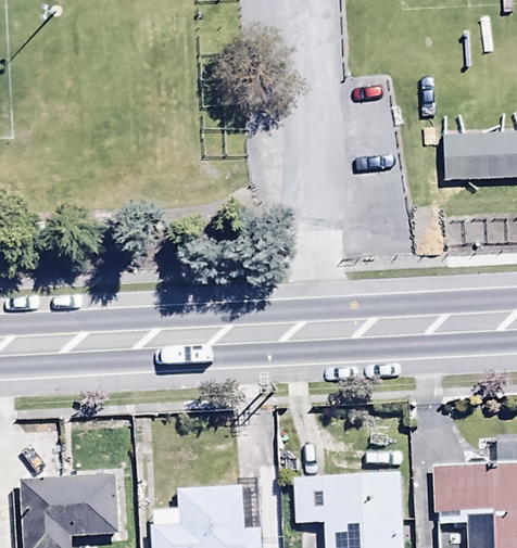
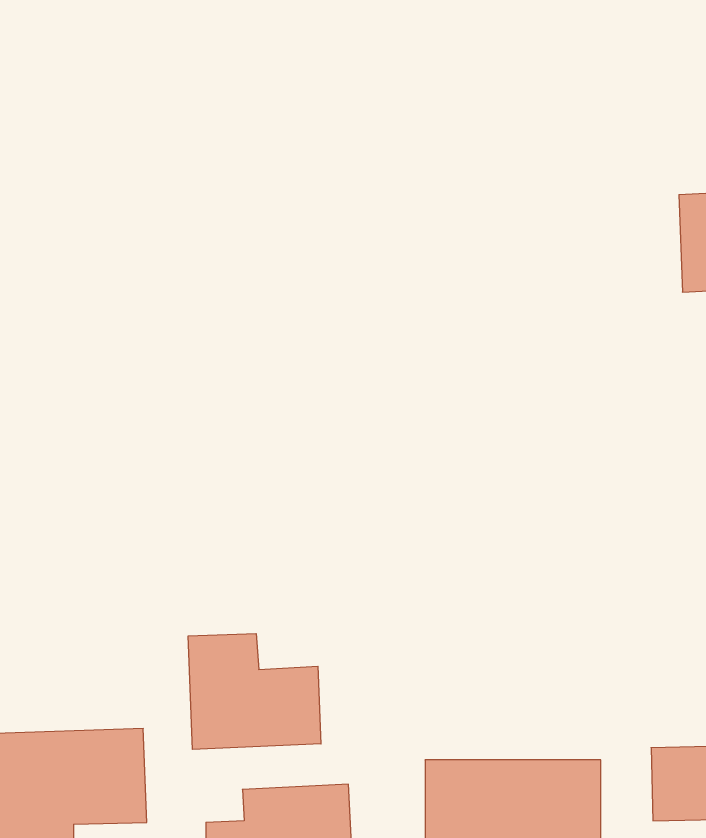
building: none -> [188,634,321,749]

